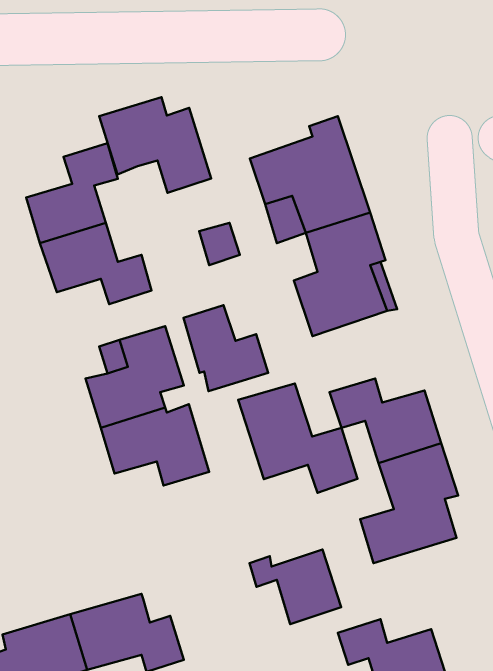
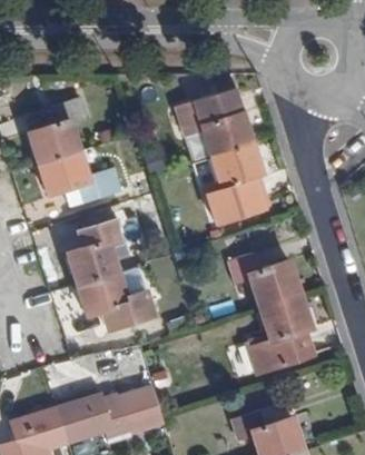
building: [99,97,211,193] -> none
building: [183,305,268,391] -> none
building: [238,384,357,493] -> none
building: [250,550,341,624] -> [105,387,165,436]

